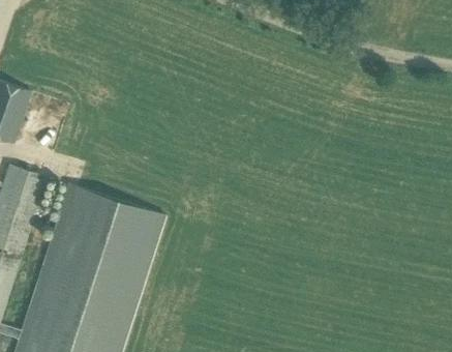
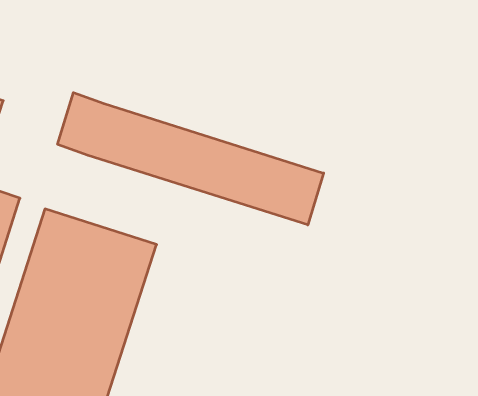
building: none -> [58,93,324,225]

